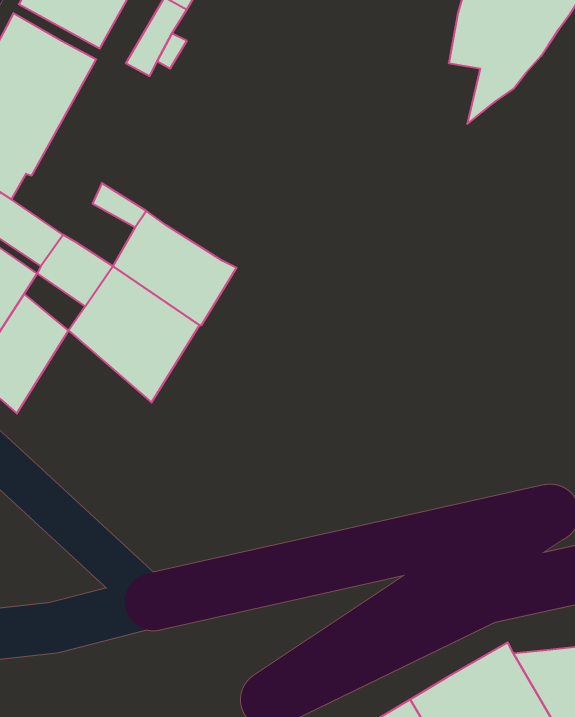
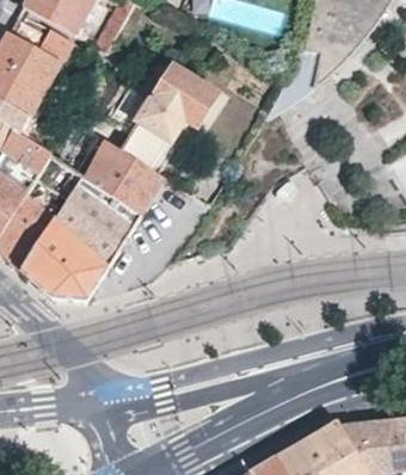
building: none -> [118,63,220,171]
building: none -> [21,216,109,298]

